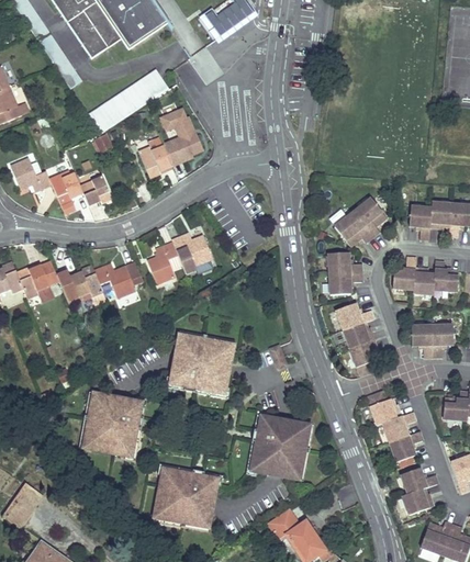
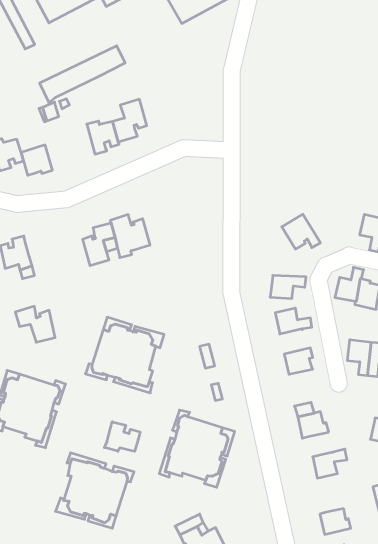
building: [354,198,388,237] -> none
building: [331,251,363,273] -> none
building: [93,262,134,296] -> [15,306,55,342]
building: [345,321,376,347] -> none
building: [383,412,415,441] -> none
building: none -> [104,422,140,451]
building: [401,467,438,493] -> none

